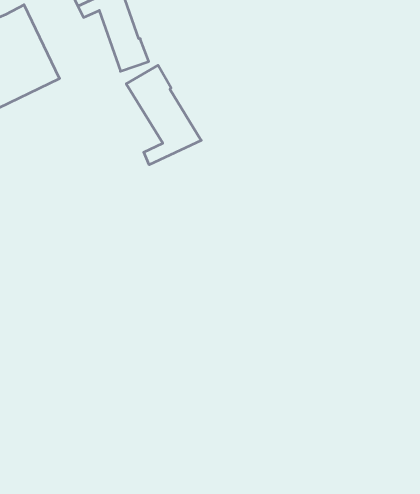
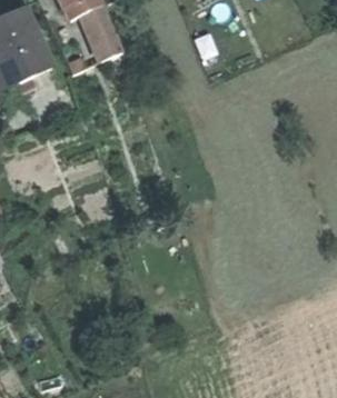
building: [126,65,201,165] -> none

